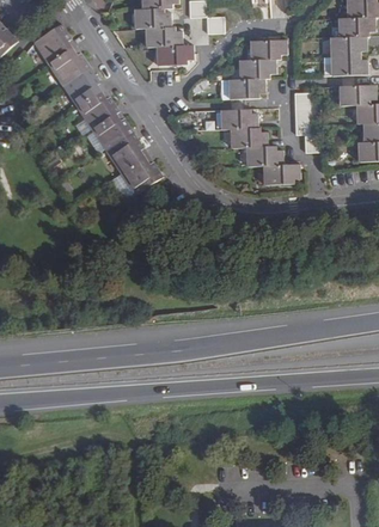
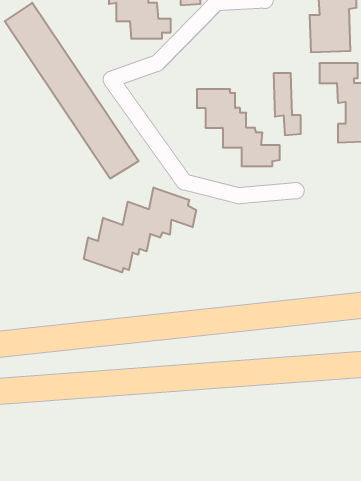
building: [227,37,286,98] -> none
building: none -> [84,187,196,272]

